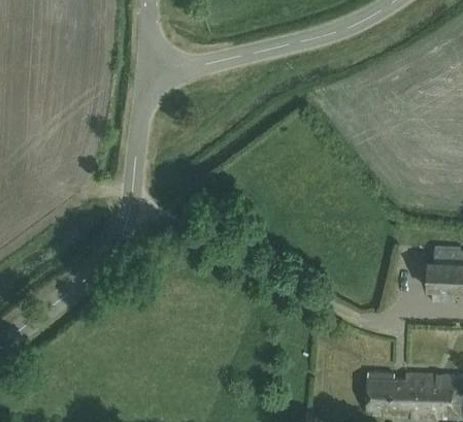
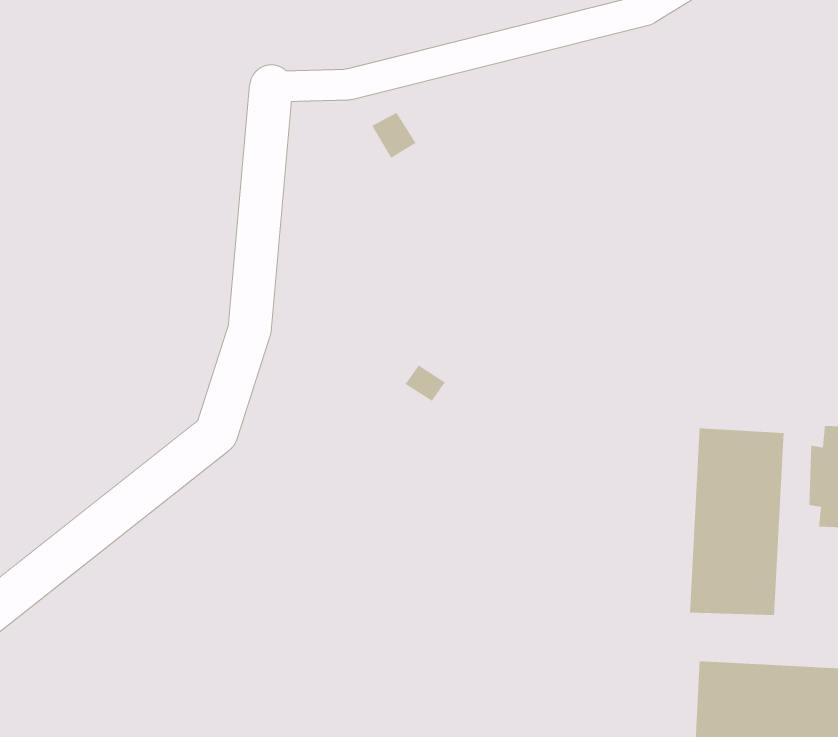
building: none -> [689,428,784,616]

